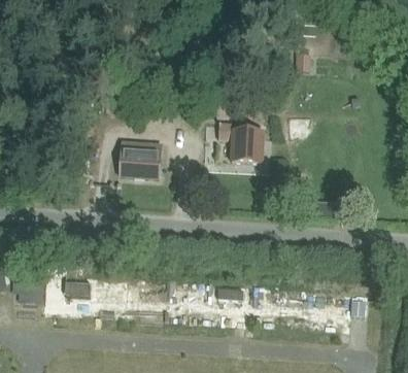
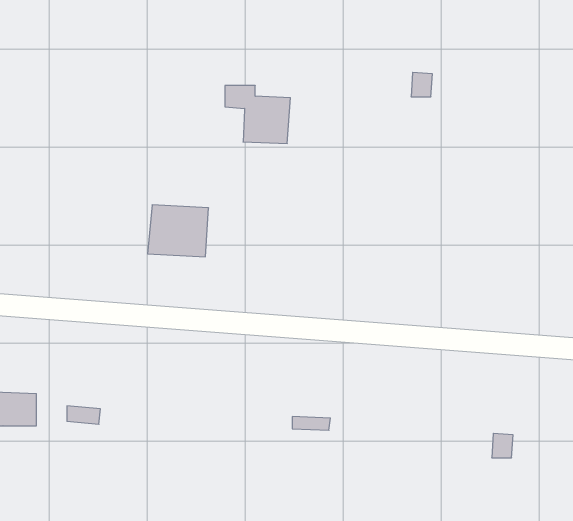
building: [219,126,264,165] -> [225,86,290,143]

